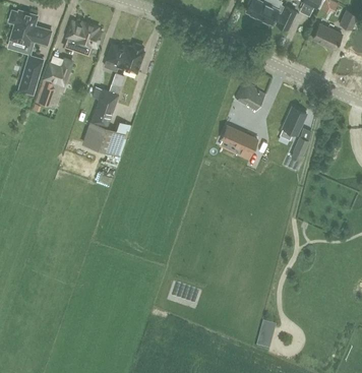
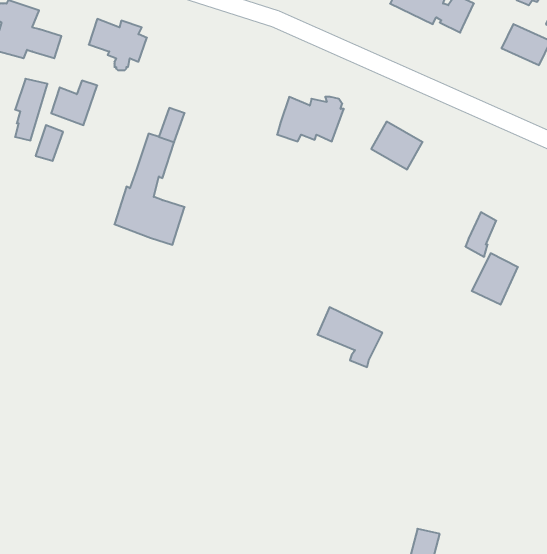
building: [105,44,144,70] -> [277,97,344,141]
building: [281,106,308,136] -> [472,253,518,305]
building: [220,124,258,160] -> [317,307,382,367]

